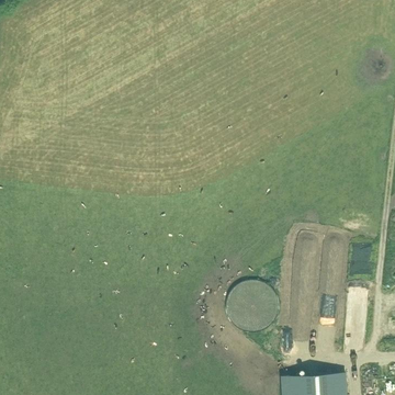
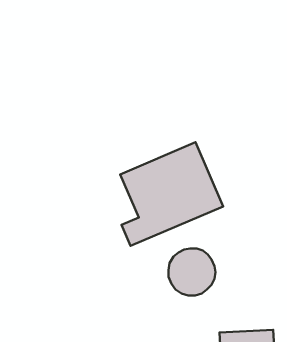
building: none -> [120,142,223,246]

